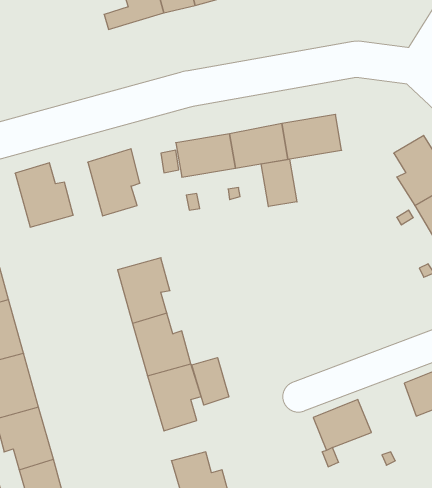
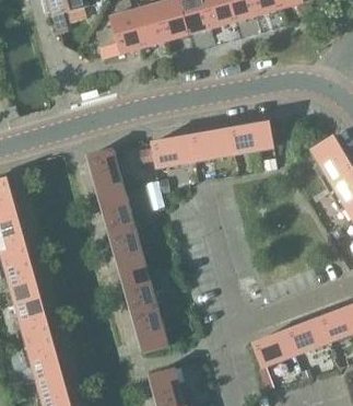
building: [261,159,297,207] -> none
building: [15,163,73,227] -> [98,187,141,234]
building: [192,358,229,405] -> none
building: none -> [285,317,328,353]

